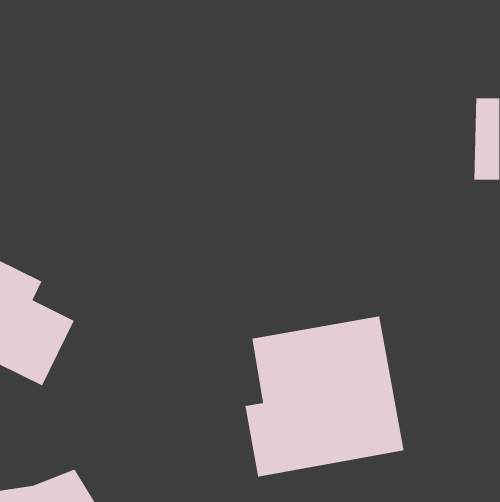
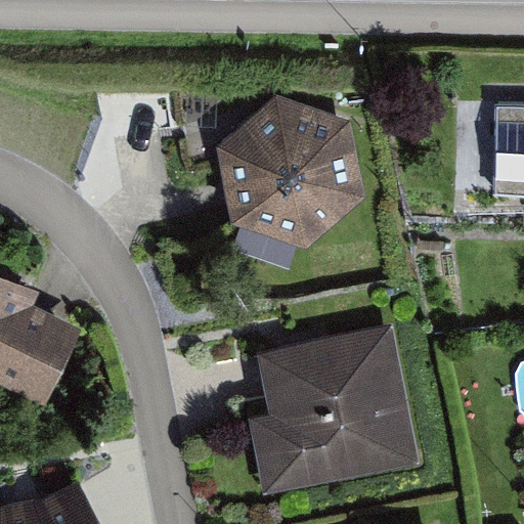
building: none -> [215,91,362,245]

